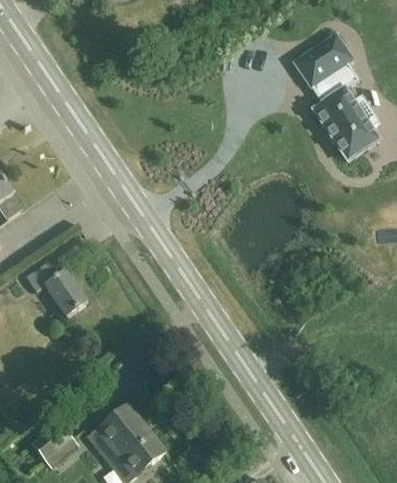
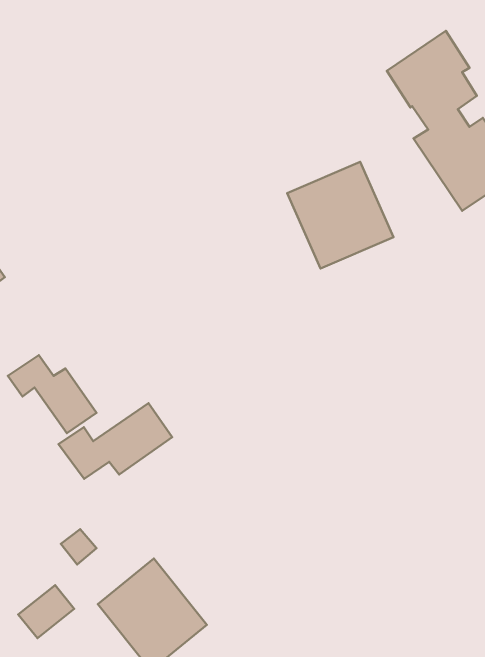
building: none -> [287,162,394,269]
building: none -> [59,403,172,479]

